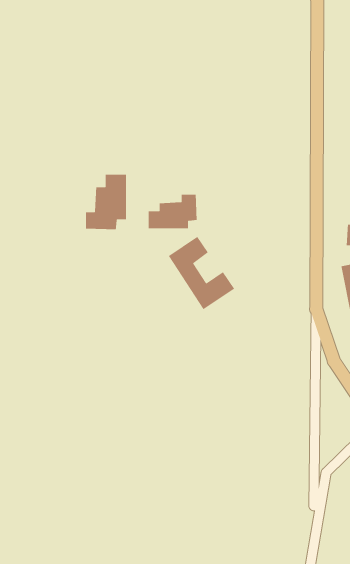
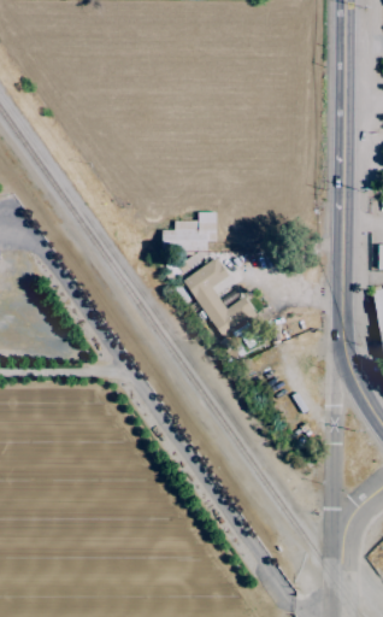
building: [85,174,127,230] -> none

